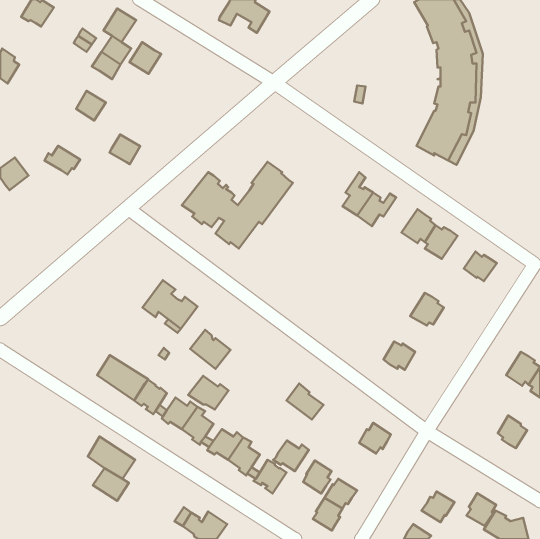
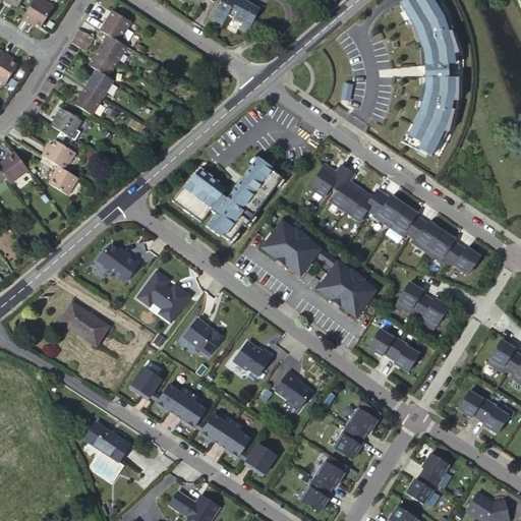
building: [129,42,161,74] -> [83,68,114,99]
building: [110,135,140,164] -> [50,109,79,137]
building: none -> [307,161,346,193]
building: none -> [52,164,80,194]
building: none -> [369,190,402,224]
building: none -> [262,220,377,316]
building: none -> [425,227,458,259]
building: none -> [98,243,139,280]
building: none -> [417,296,448,329]
building: none -> [390,339,419,370]
building: [97,355,148,400] -> [60,301,109,345]
building: [188,376,228,410] -> [233,341,272,373]
building: none -> [458,390,489,417]
building: [273,441,309,471] -> none
building: [303,461,332,493] -> [335,426,362,458]
building: [467,493,496,526] -> [420,452,449,483]

